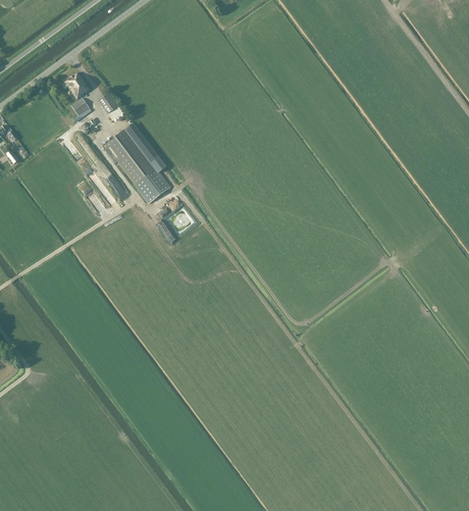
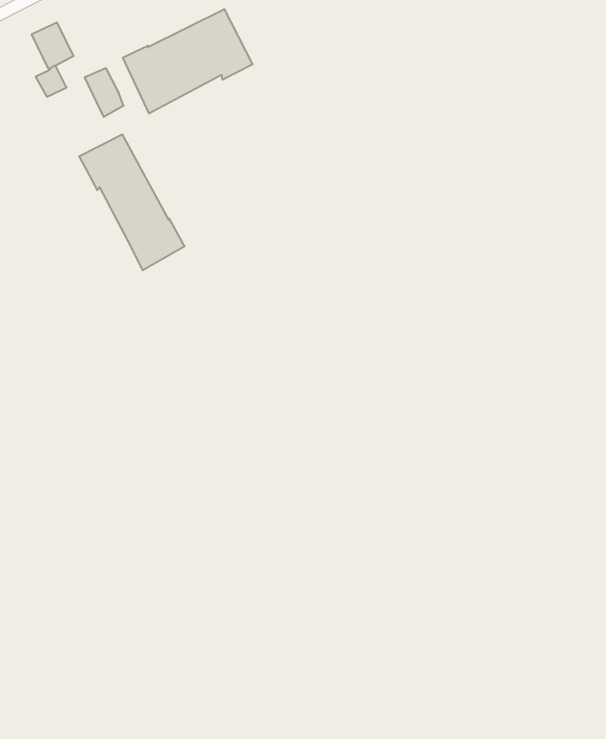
building: none -> [123,9,252,114]

